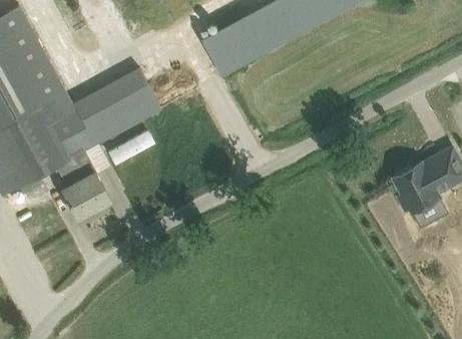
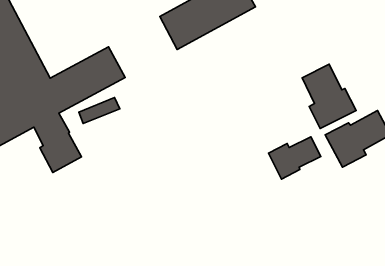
building: none -> [302,64,356,128]
building: none -> [269,137,321,179]

